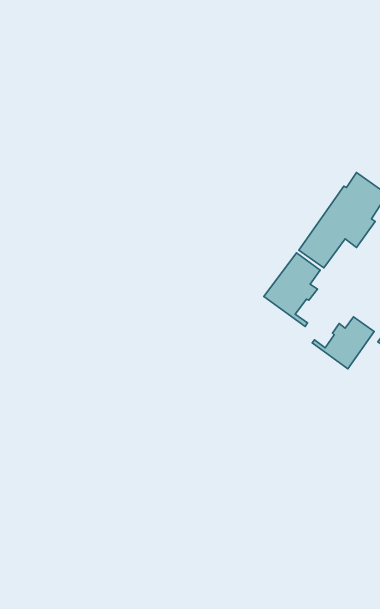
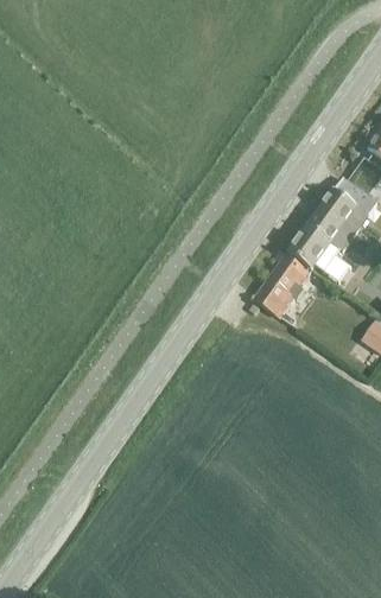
building: [312,317,374,369] -> none

